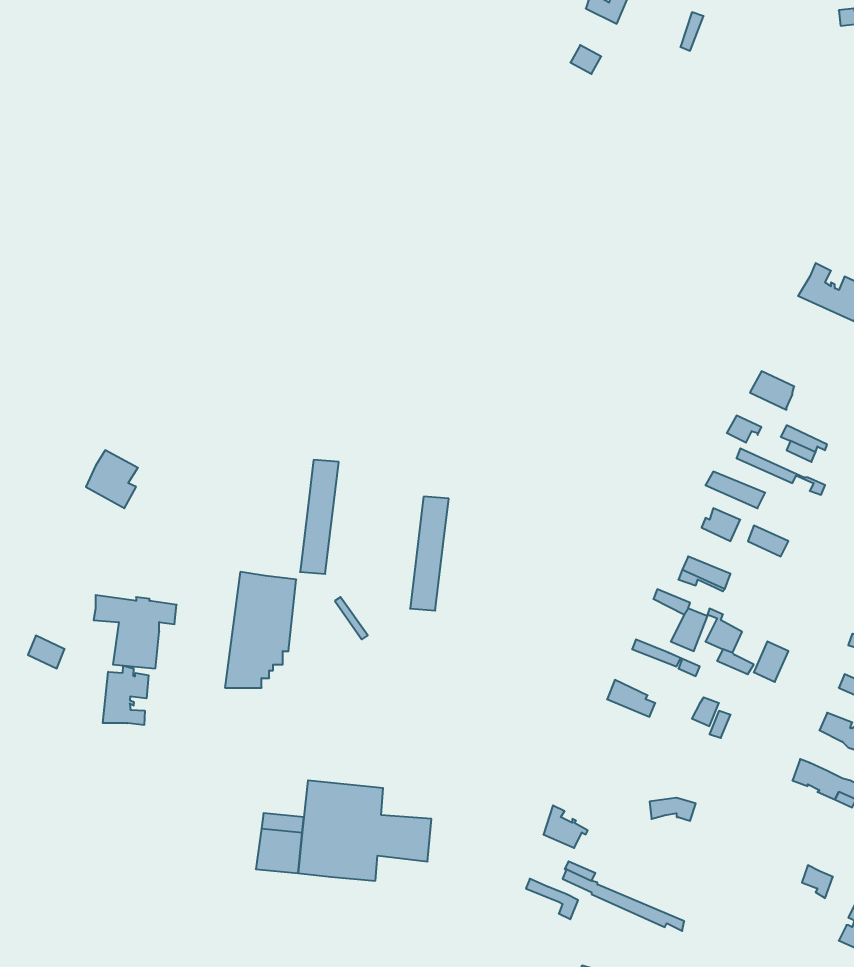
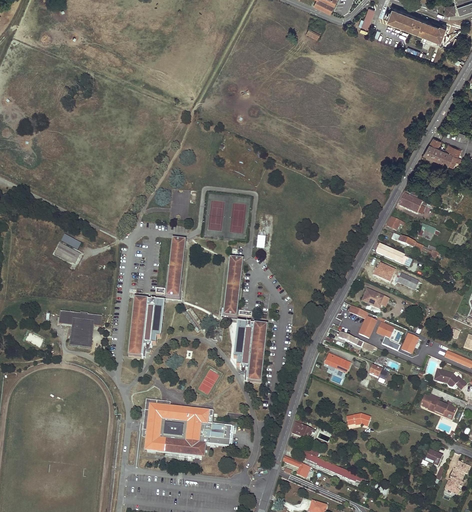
building: none -> [388,7,447,41]
building: none -> [234,322,267,384]
building: [103,665,149,725] -> none
building: none -> [147,403,170,424]

